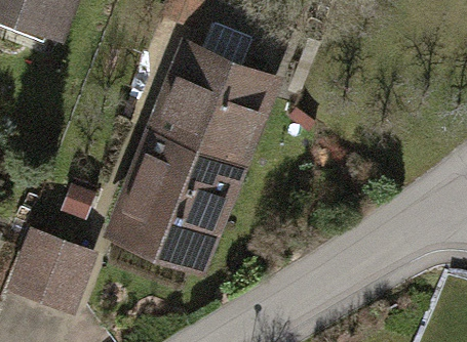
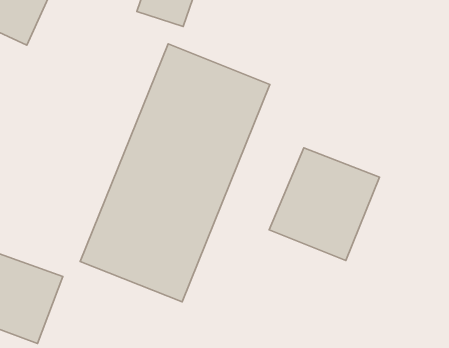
building: none -> [269,148,379,260]

